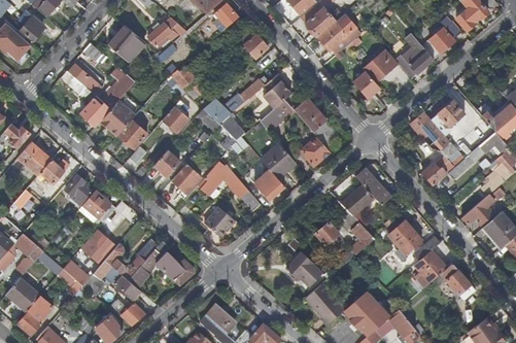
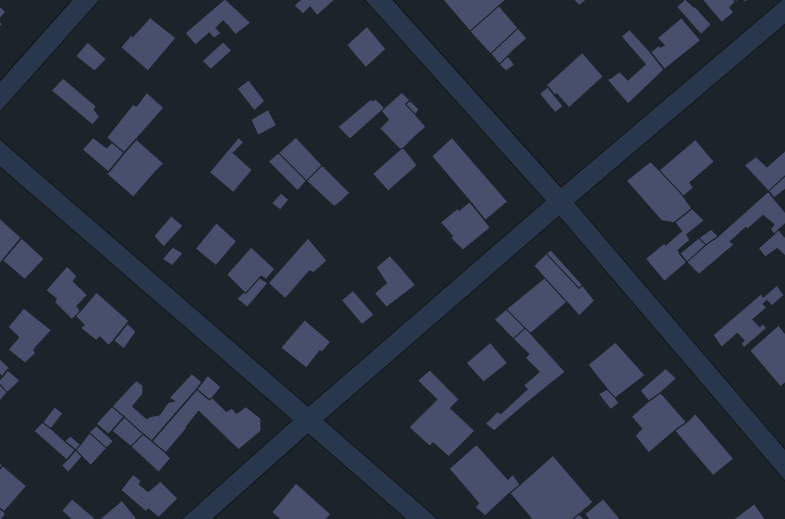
building: [118,118,147,147] -> none
building: [263,142,297,178] -> none
building: [88,229,113,262] -> [8,308,51,363]

